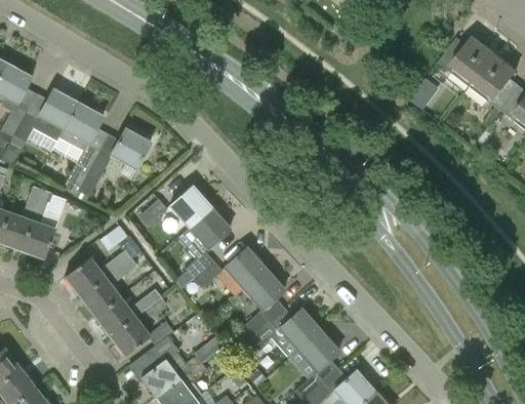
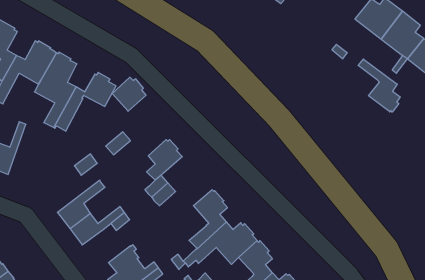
building: none -> [358,59,400,112]
building: [169,187,210,228] -> [112,77,146,111]
building: [19,190,54,259] -> none
building: [64,244,140,296] -> none
building: [224,247,266,288] -> none
building: [109,317,150,356] -> none

